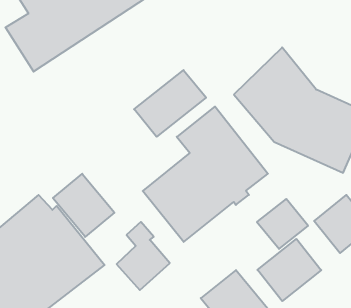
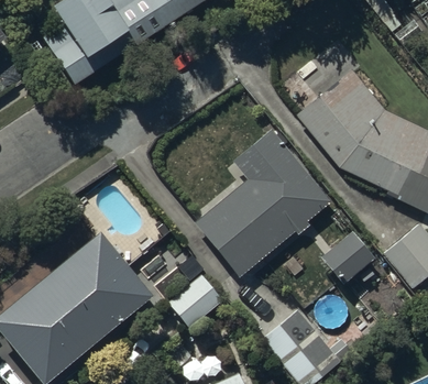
building: [134,70,206,137] -> none
building: [53,174,114,237] -> none
building: [257,239,321,301] -> none

